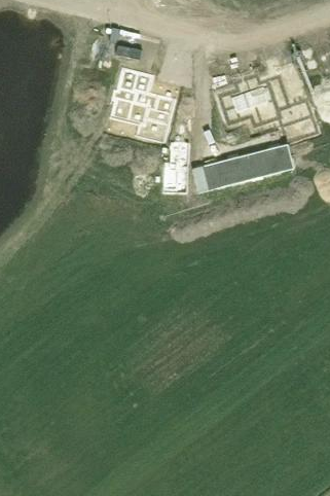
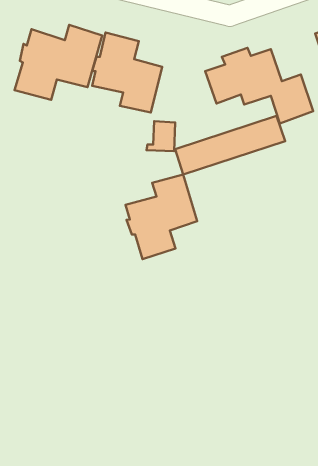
building: none -> [14,25,102,100]
building: none -> [126,175,197,259]

